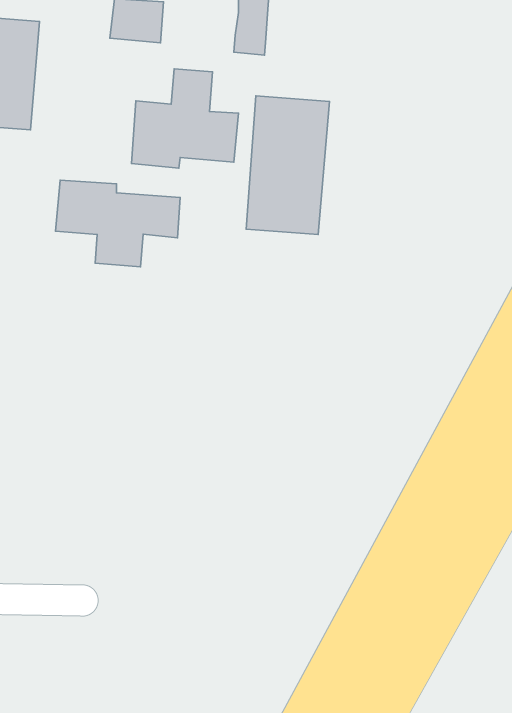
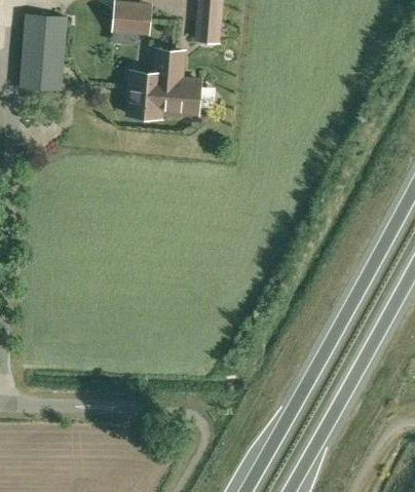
building: [246,96,330,235] -> none
building: [55,180,180,267] -> none

